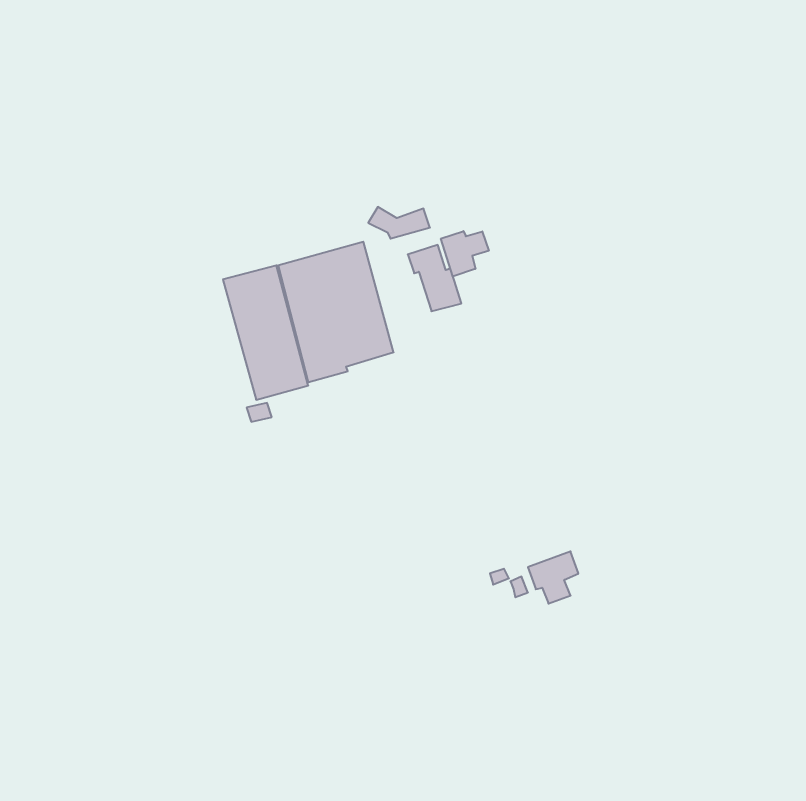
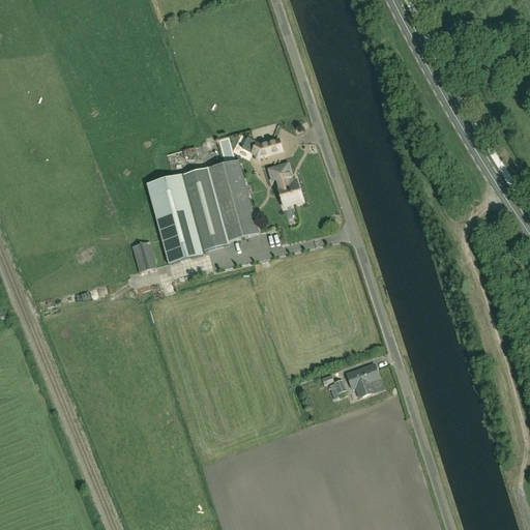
building: [441,231,489,276] -> none
building: none -> [131,240,156,270]

